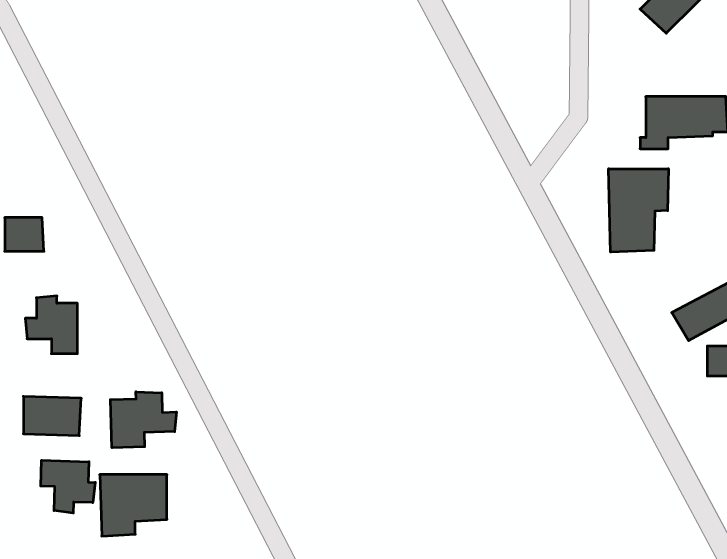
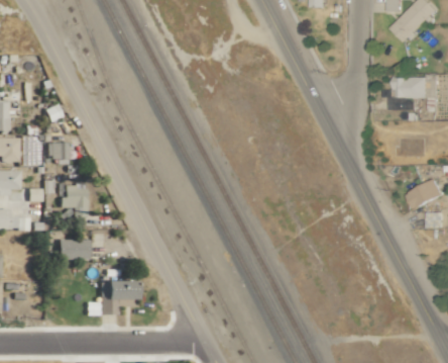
building: [609,169,668,252] -> none
building: [110,392,176,448] -> none
building: [41,460,95,513] -> none

